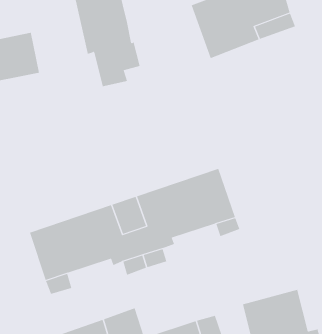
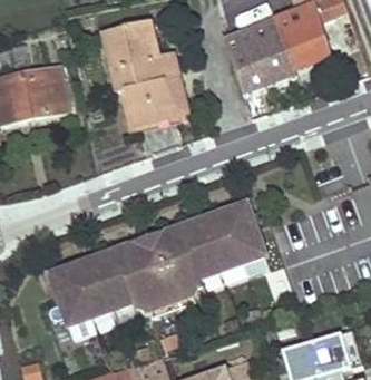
building: none -> [156,51,187,116]

